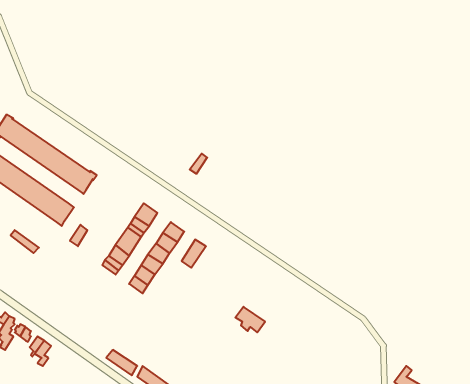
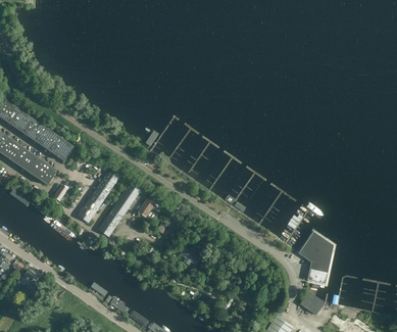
building: none -> [297,230,333,284]

